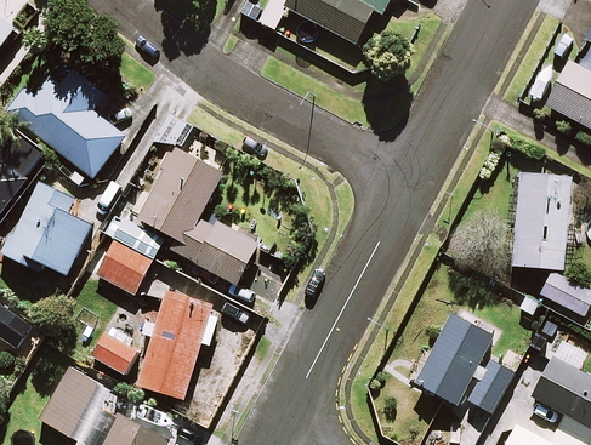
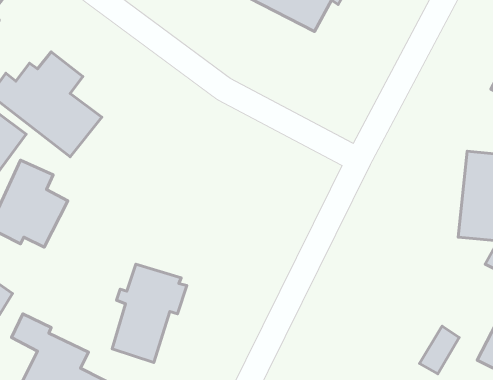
building: [138,148,258,285] -> none
building: [96,241,152,295] -> none
building: [404,312,493,404] -> none
building: [91,331,143,377] -> none

